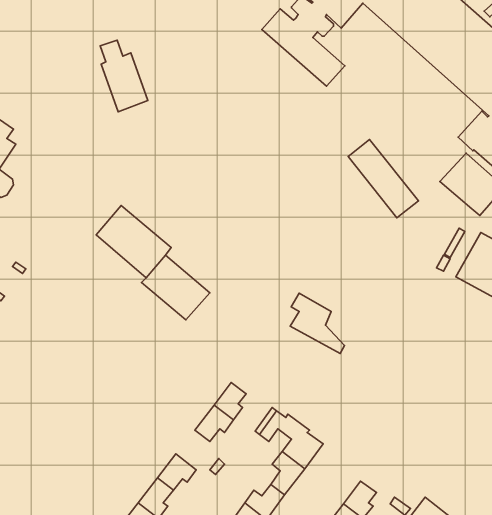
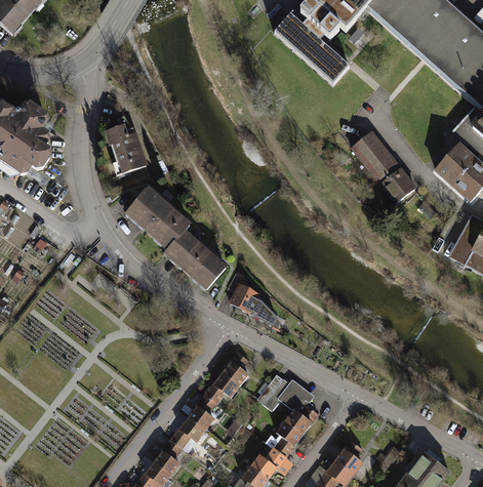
building: [100,40,148,112] -> [103,115,146,179]
building: [290,293,345,353] -> [227,271,276,325]
building: none -> [194,391,225,427]

